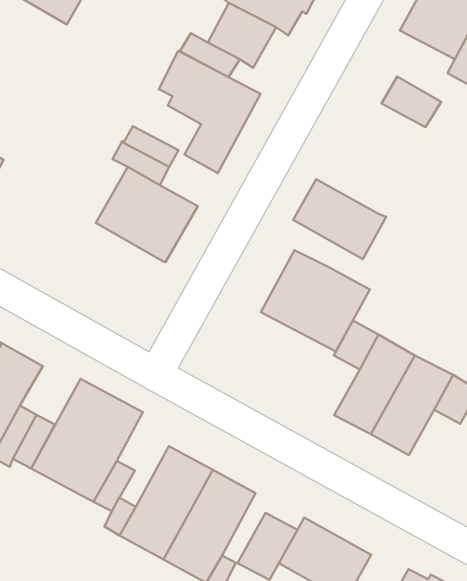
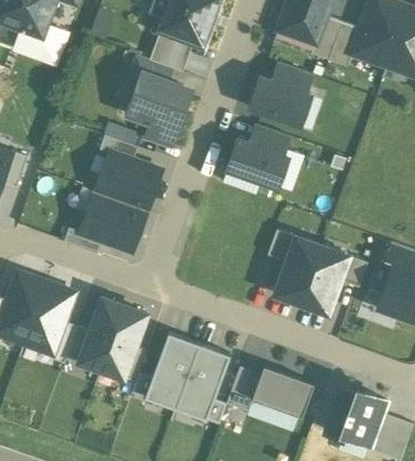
building: none -> [249,77,309,127]
building: none -> [249,124,288,156]
building: none -> [80,193,144,252]
building: [261,250,370,352] -> none

